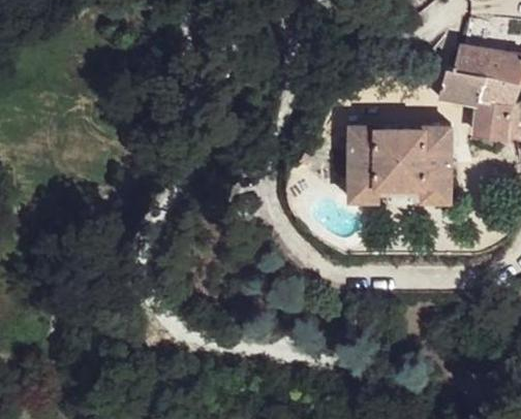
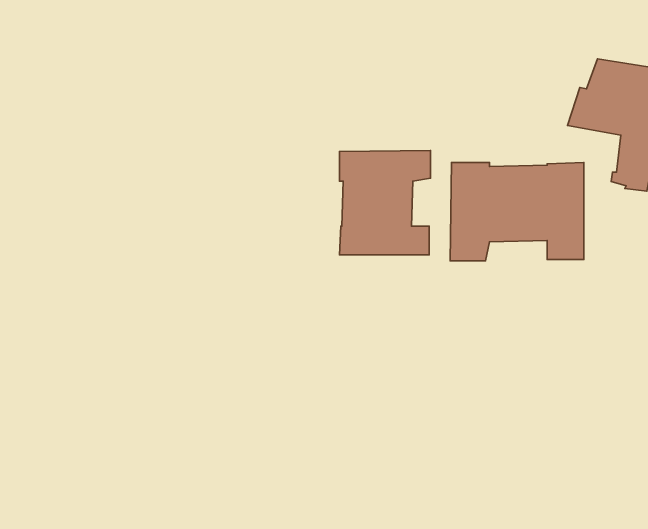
building: none -> [339,150,430,255]

